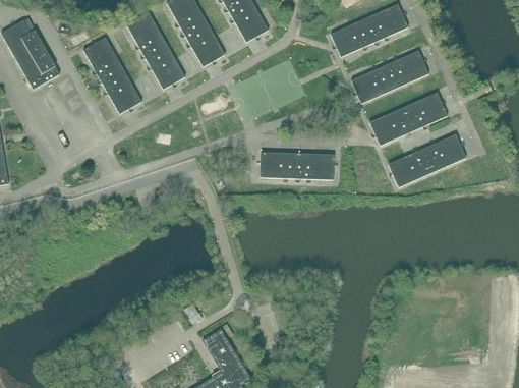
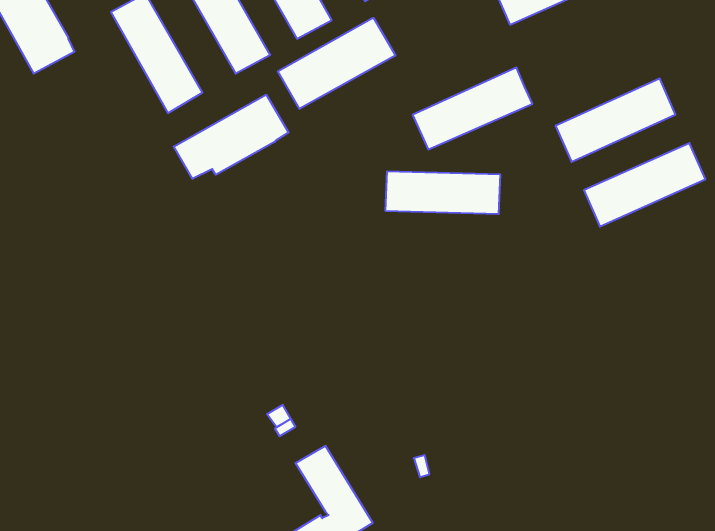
building: [351,50,428,103] -> [413,68,532,150]
building: none -> [278,18,395,109]
building: none -> [174,95,289,179]

